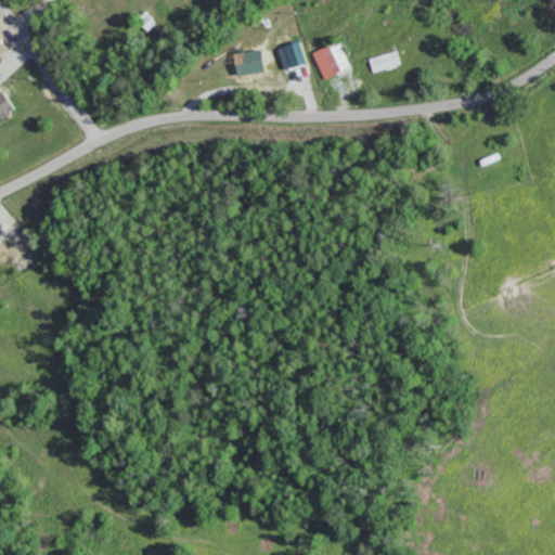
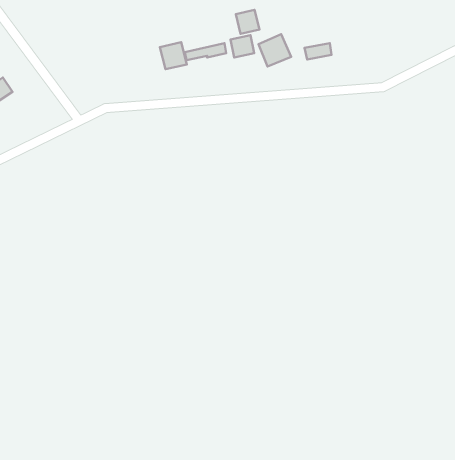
building: none -> [236,10,259,34]
building: none -> [160,42,187,69]

